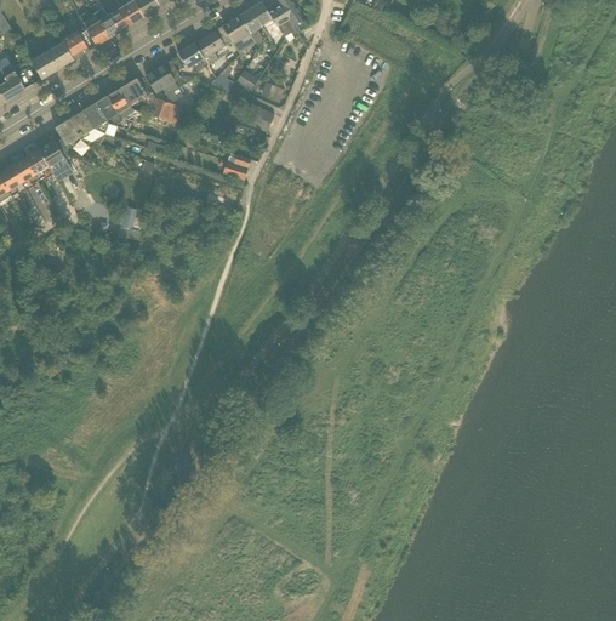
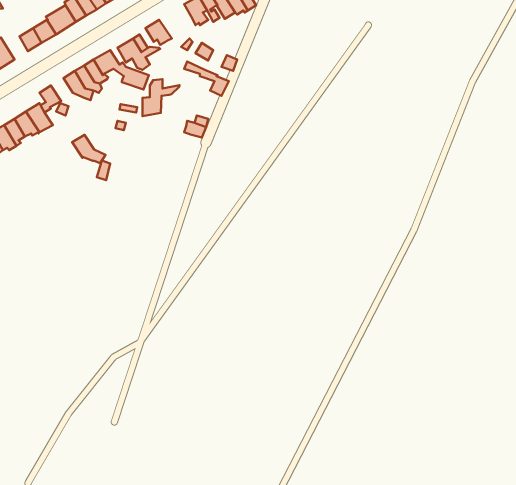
building: [193,24,232,64] -> none
building: [67,110,105,143] -> [72,135,105,163]
building: none -> [142,79,180,116]

